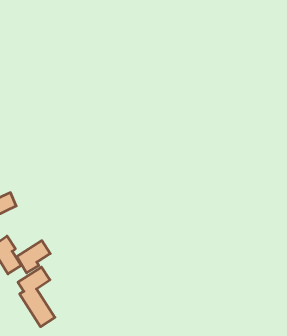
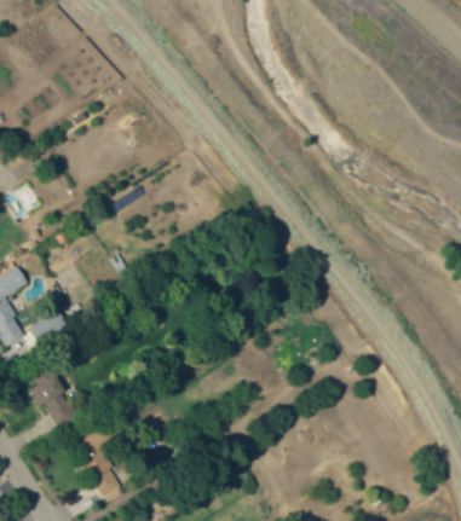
building: [17,241,50,273] -> none

